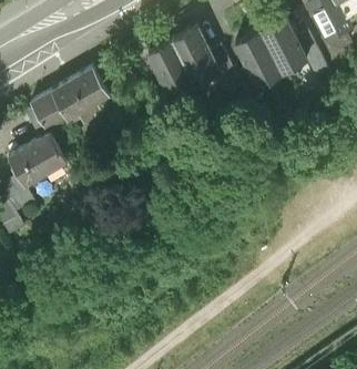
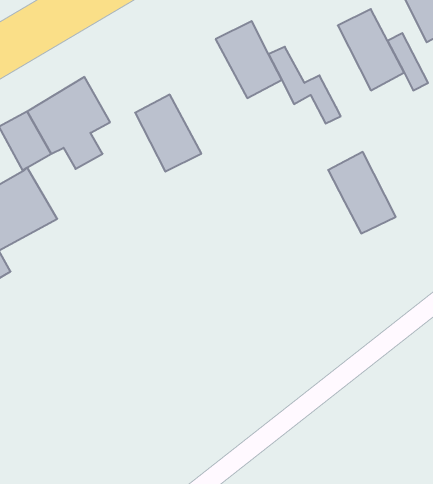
building: [239,25,289,85] -> [328,152,396,233]
building: [150,35,198,92] -> [135,95,201,172]

